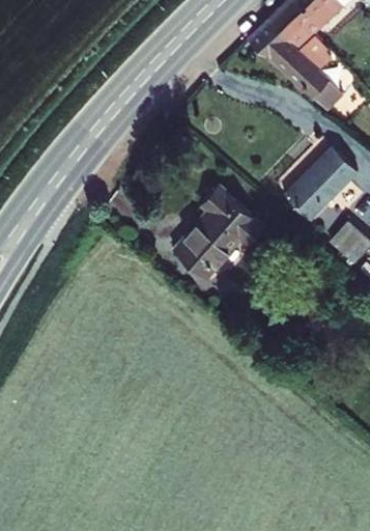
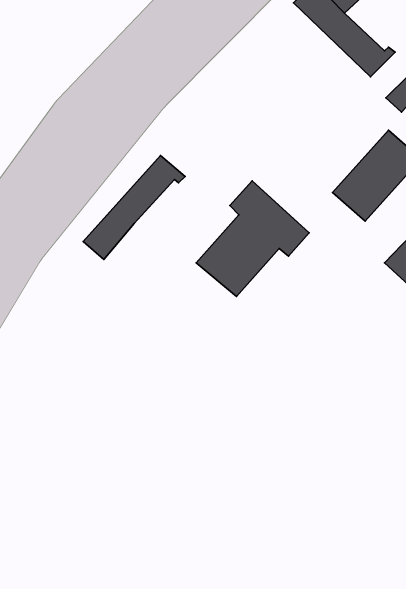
building: none -> [83,156,185,259]

